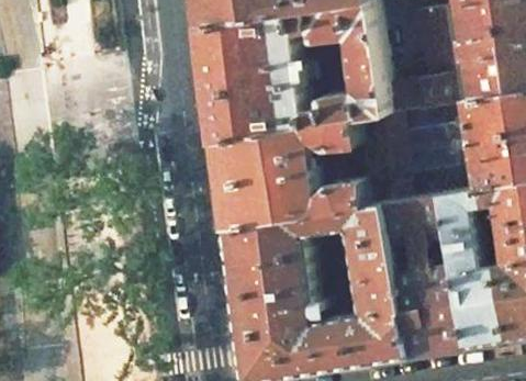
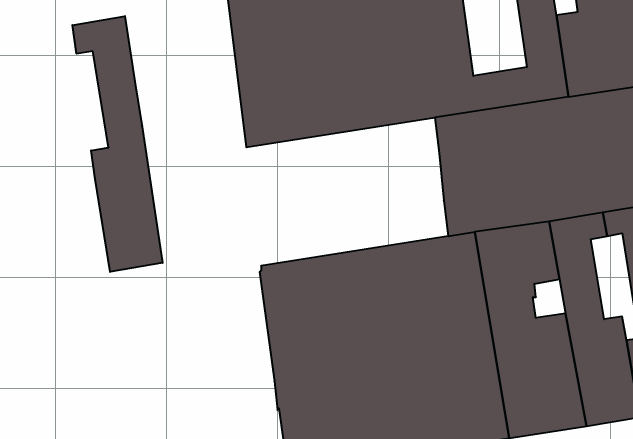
building: none -> [72,16,163,272]
building: [211,120,360,229] -> none

